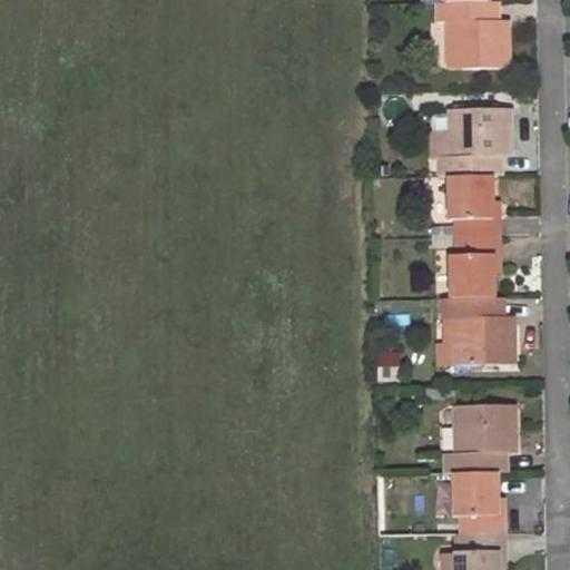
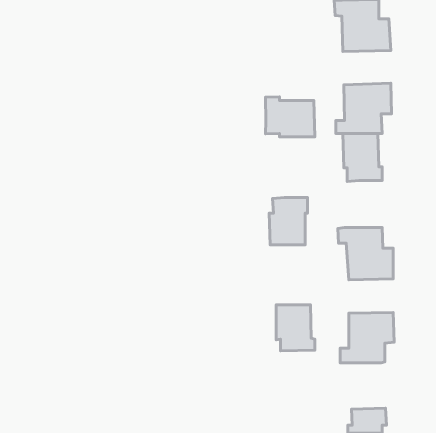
building: none -> [265,97,315,137]
building: [449,235,499,296] -> [269,198,308,245]
building: [453,472,503,532] -> [276,305,315,351]

